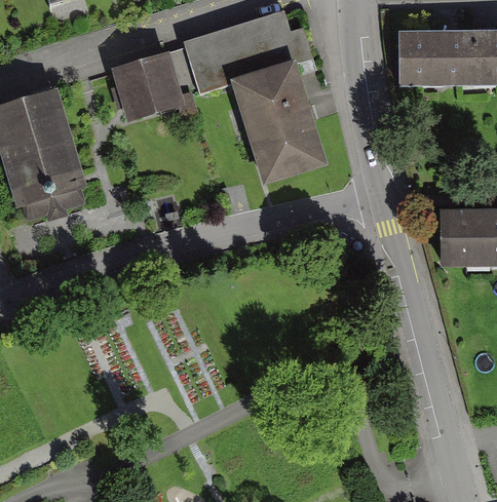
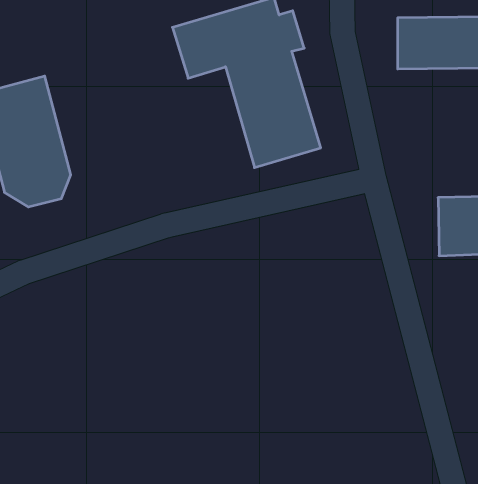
building: [113,57,182,123] -> none

